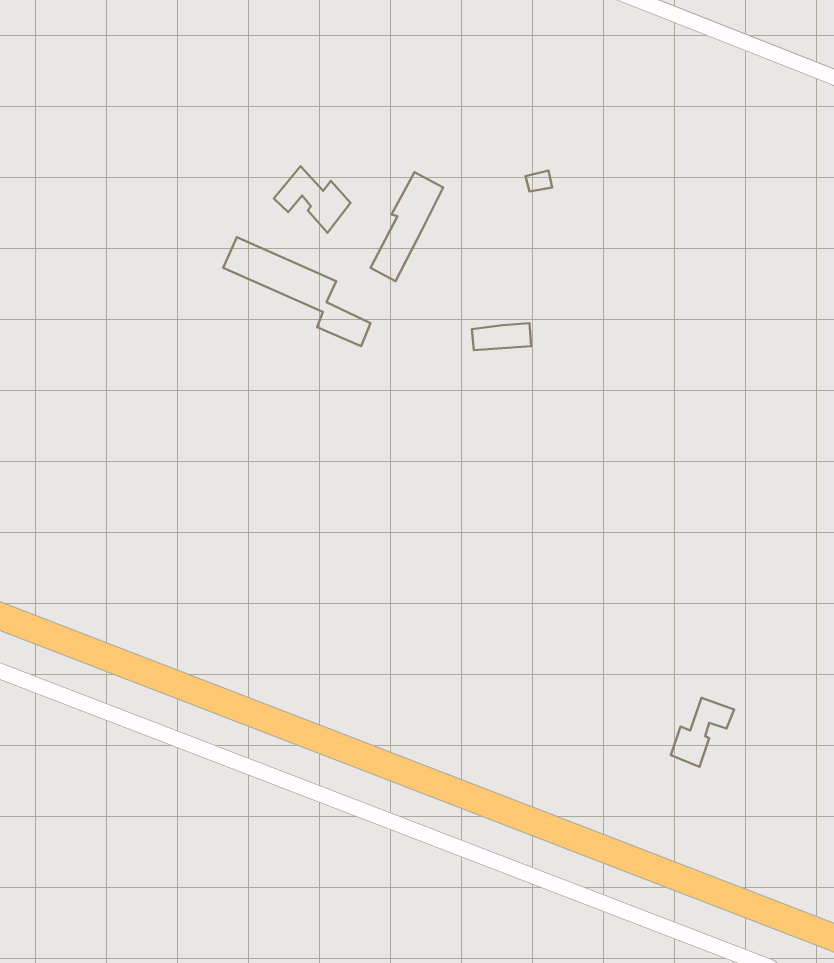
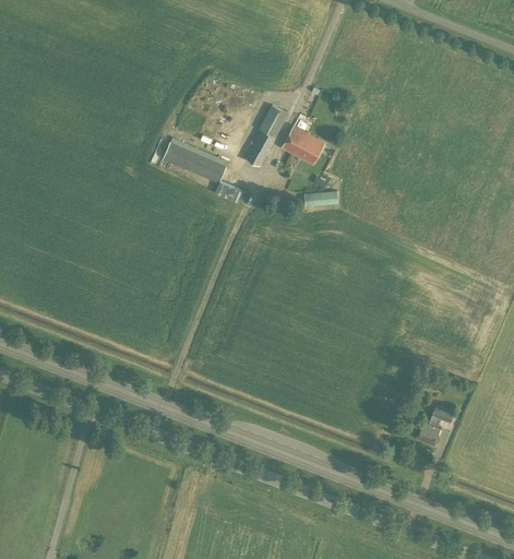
building: [274,166,350,233] -> none
building: none -> [283,127,325,165]

